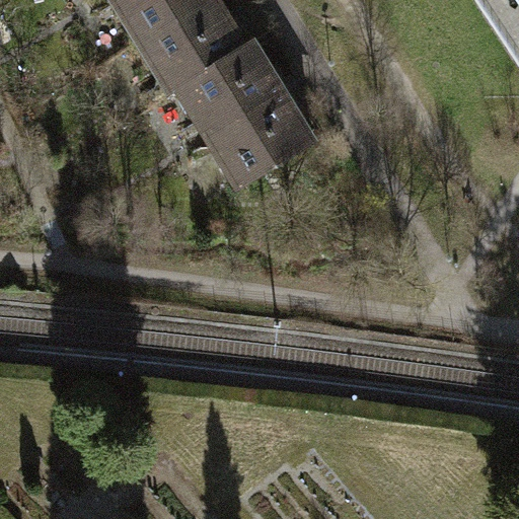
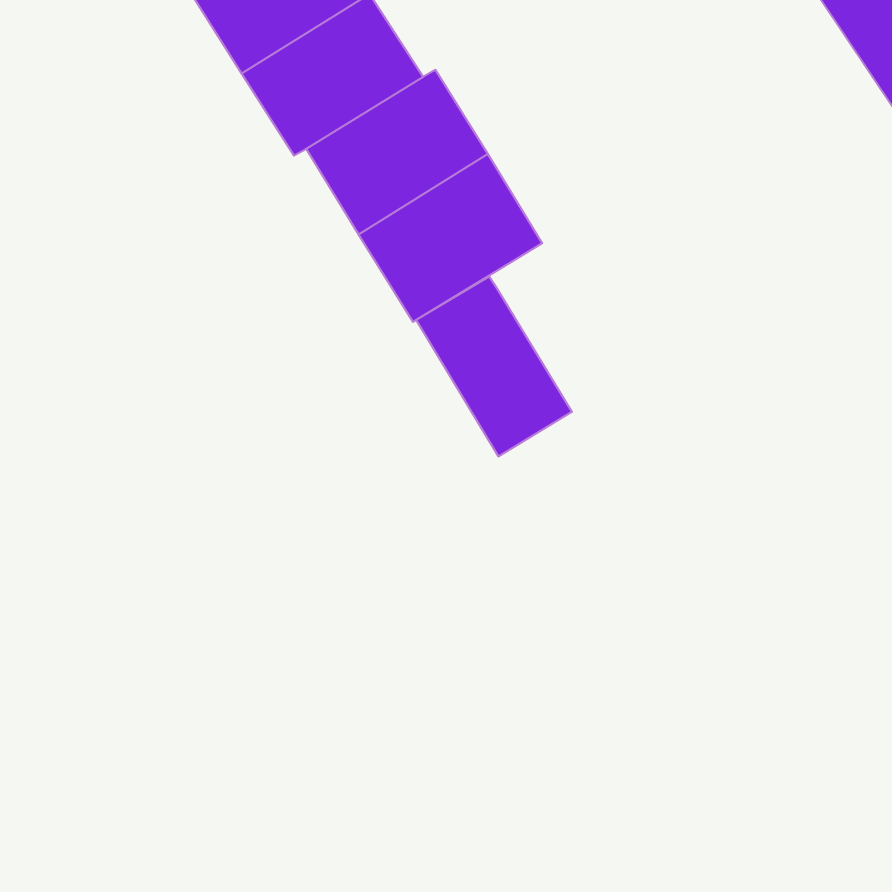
building: none -> [416,276,572,457]

